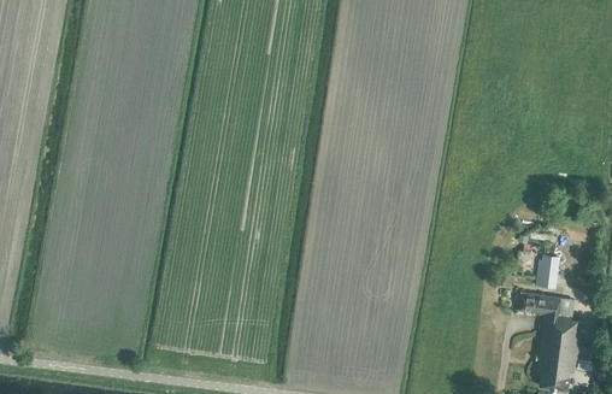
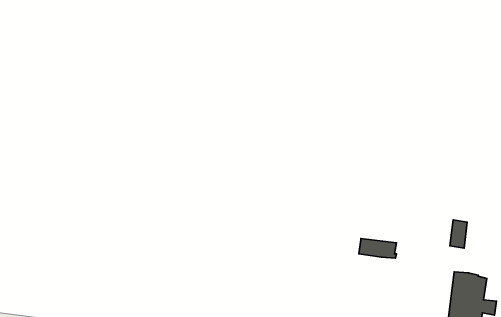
building: [519,294,561,316] -> [359,239,397,258]

